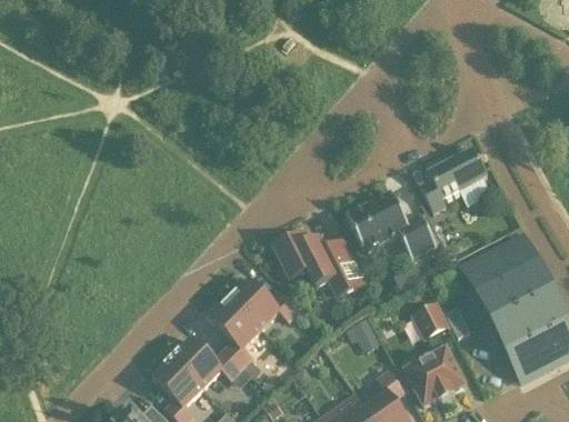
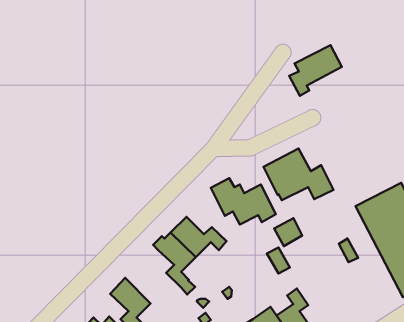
building: [420,148,487,212] -> [289,45,342,96]
building: [411,303,447,339] -> [274,218,302,246]
building: [171,338,242,389] -> none
building: [405,346,466,405] -> none

